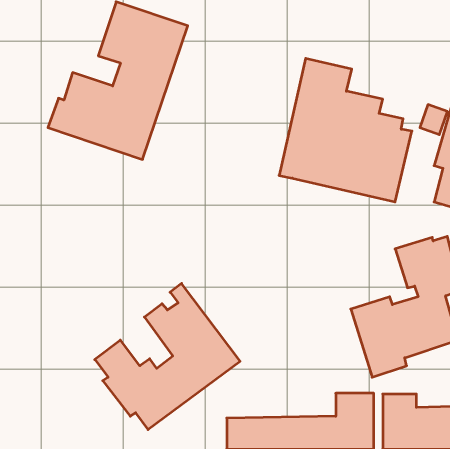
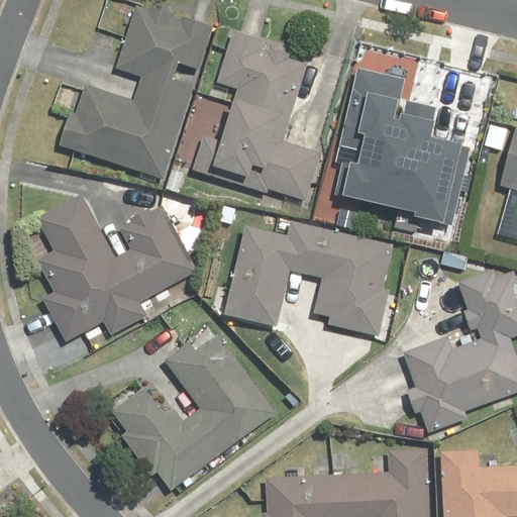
building: none -> [192,29,321,201]
building: none -> [35,195,199,339]
building: none -> [222,224,393,338]

